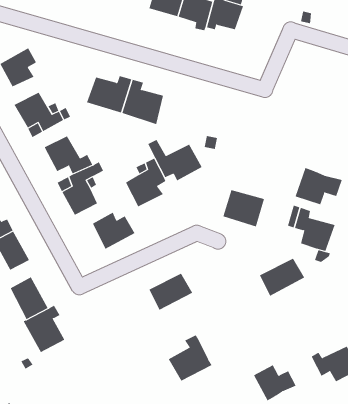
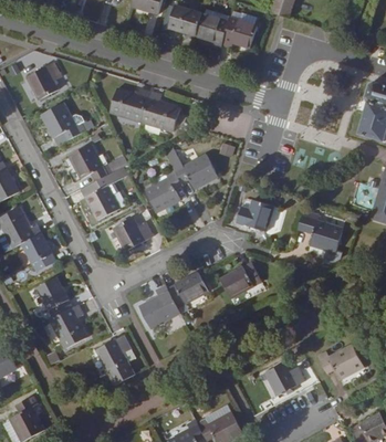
building: [295,167,343,205] -> none
building: [259,258,305,296] -> [219,263,262,299]
building: [168,335,212,382] -> [138,286,180,330]
building: none -> [95,335,137,386]

